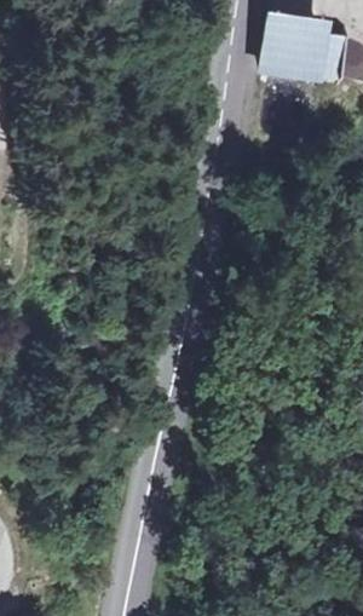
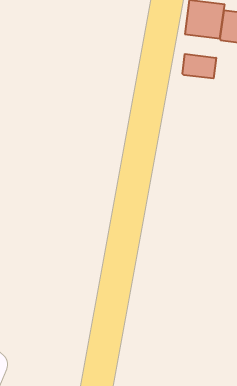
building: none -> [182,54,216,78]

